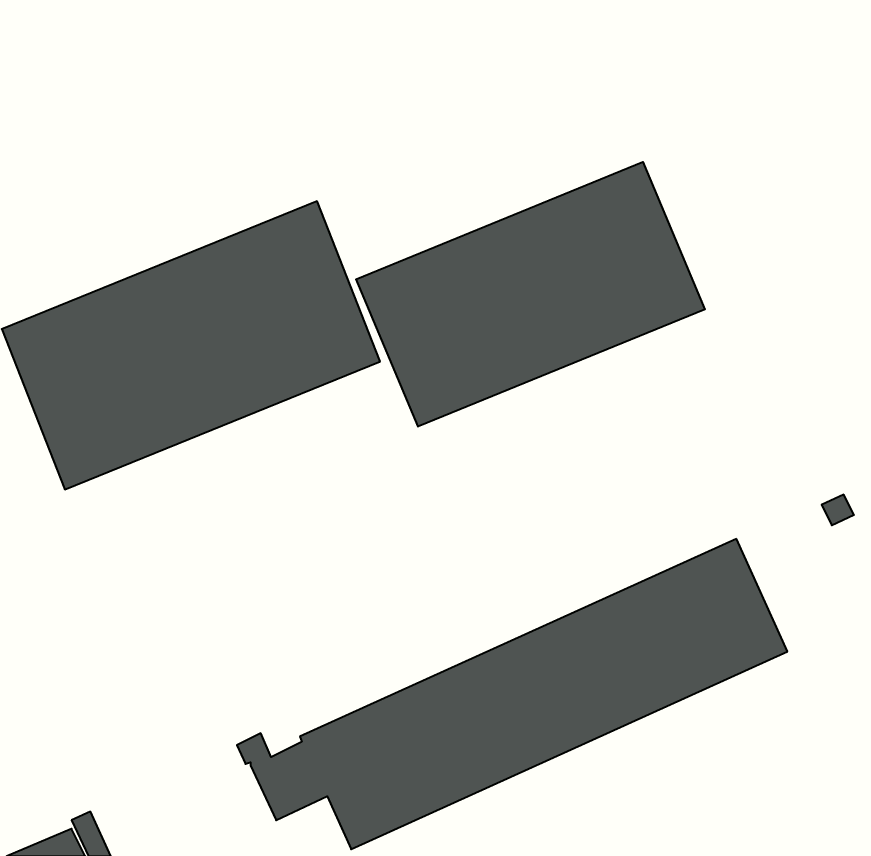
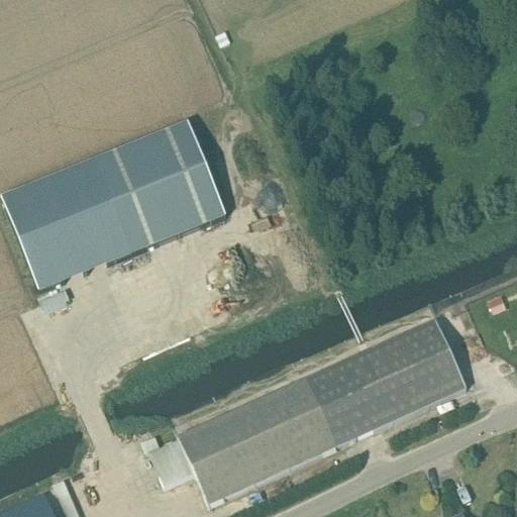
building: [356,162,705,427] -> none

